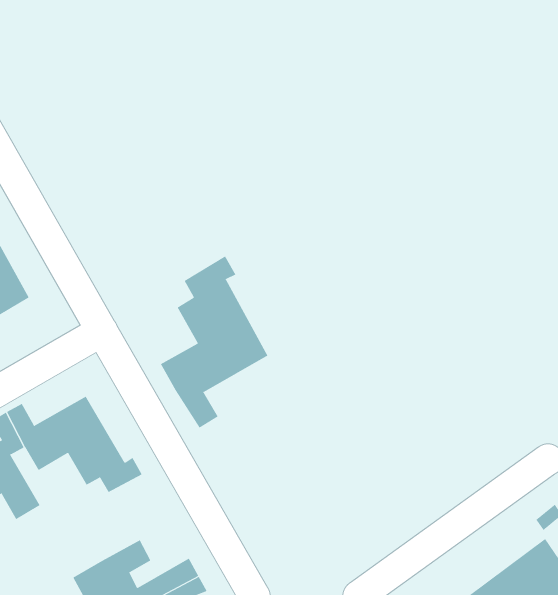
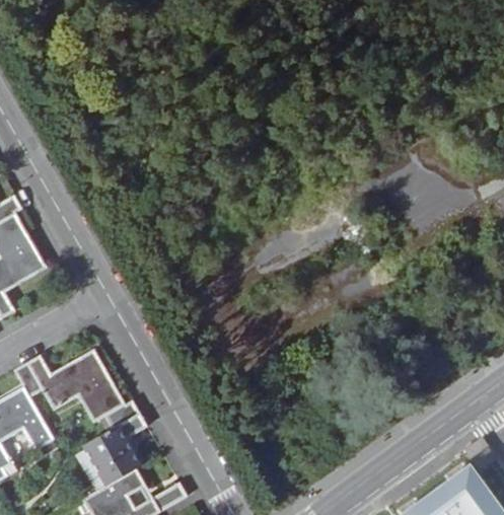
building: [160,255,268,429] -> none
building: none -> [83,414,146,485]

